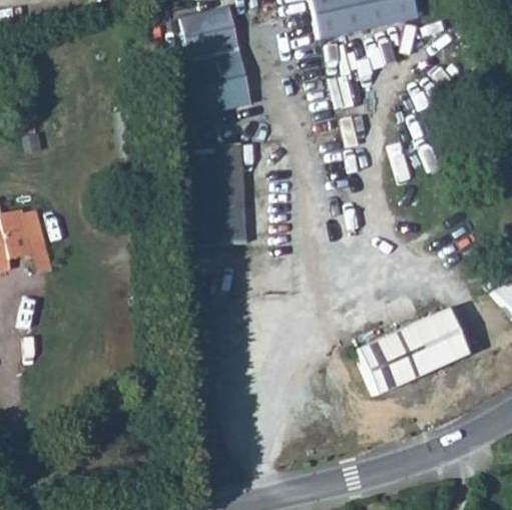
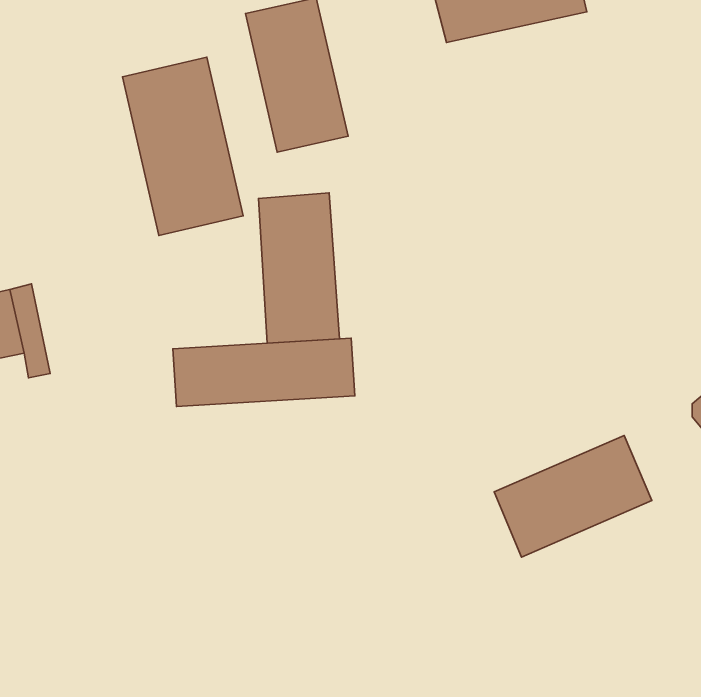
building: none -> [122,57,243,235]
building: none -> [173,338,355,406]

